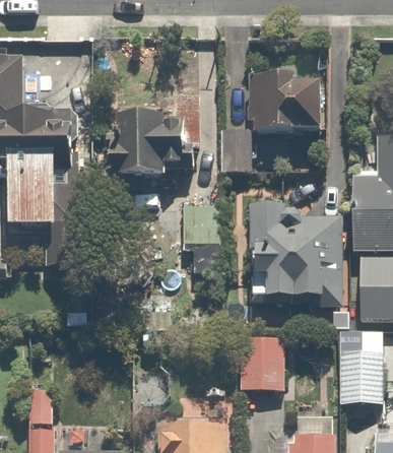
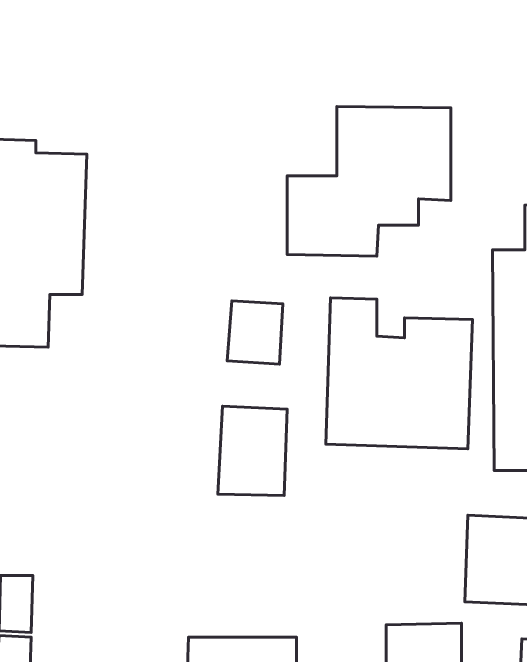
building: [108,94,202,185] -> none
building: [240,331,285,390] -> [218,406,287,496]

